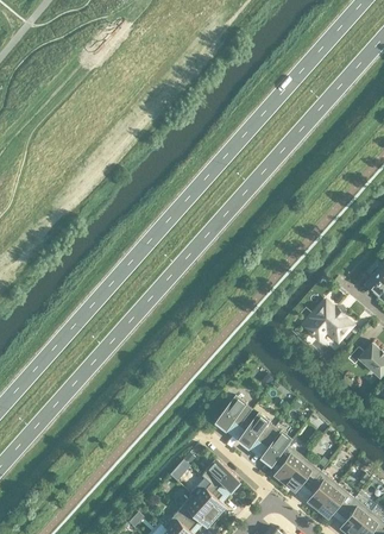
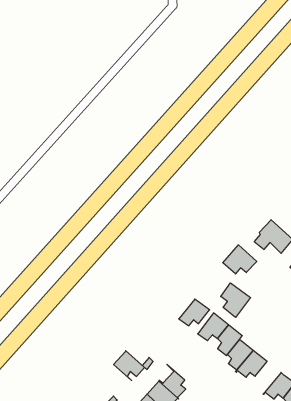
building: none -> [223,245,257,274]
building: none -> [221,283,251,317]
building: [201,460,238,496] -> [114,351,144,380]
building: [307,473,338,513] -> none

